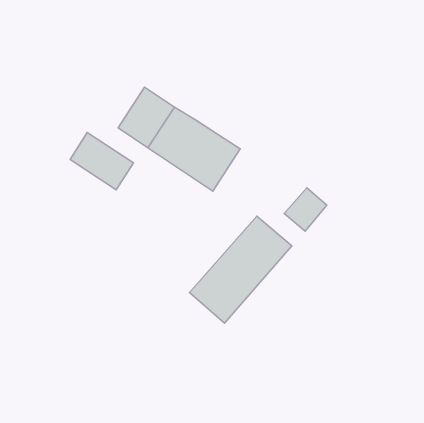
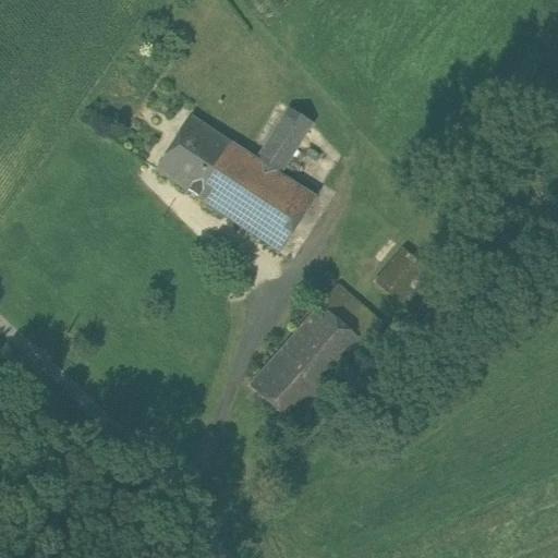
building: none -> [256,106,312,172]
building: [70,133,133,190] -> none

